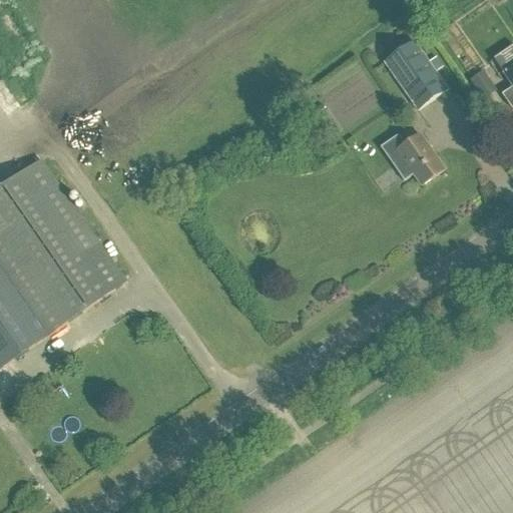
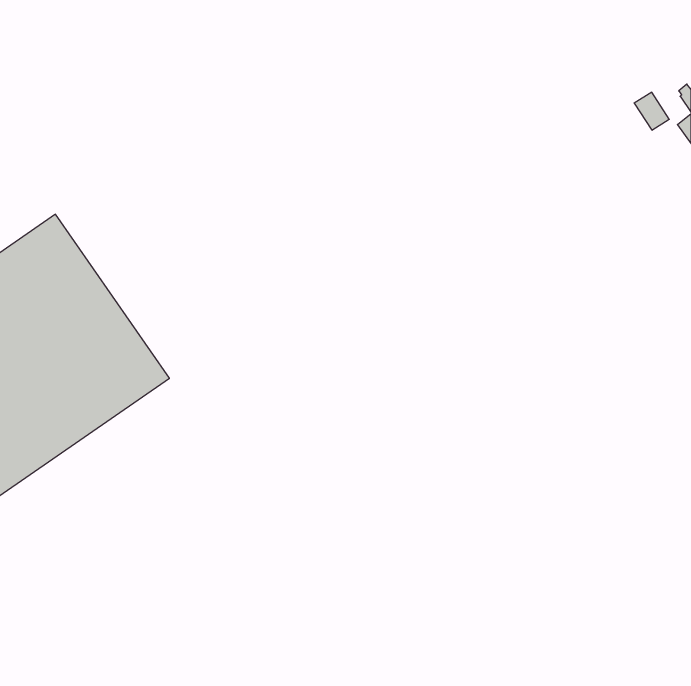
building: [383,39,447,109] -> none
building: [380,132,444,184] -> none

